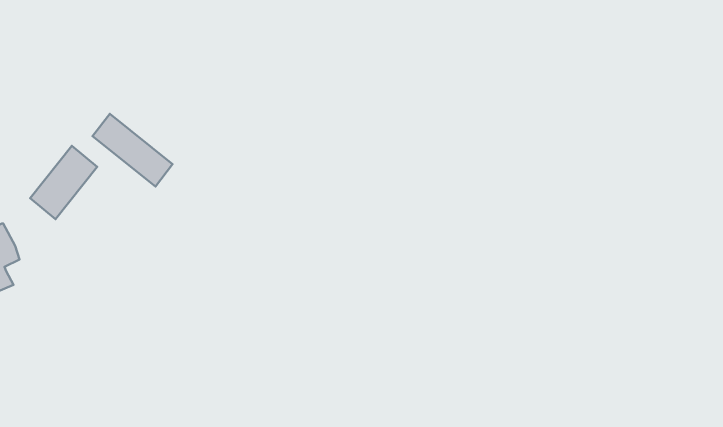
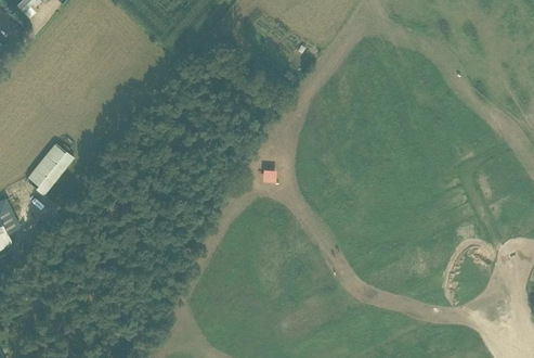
building: [93,114,173,187] -> none

